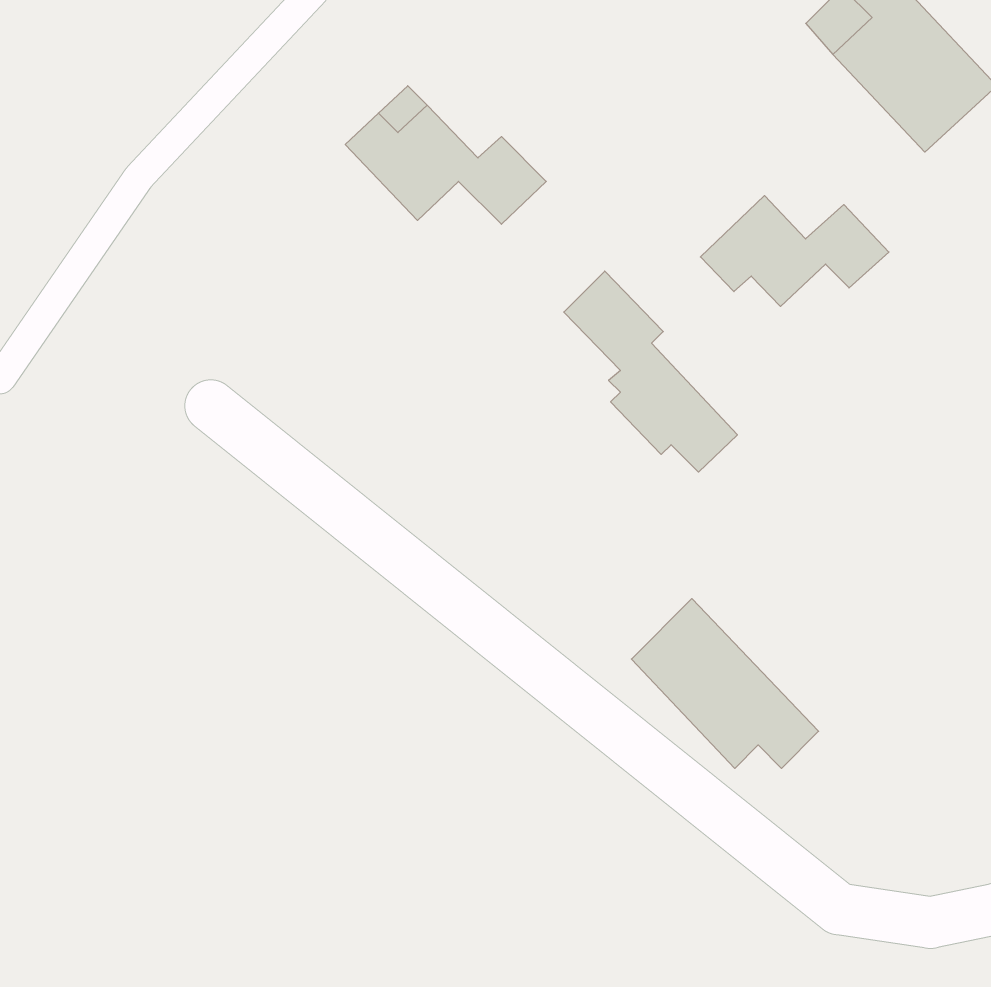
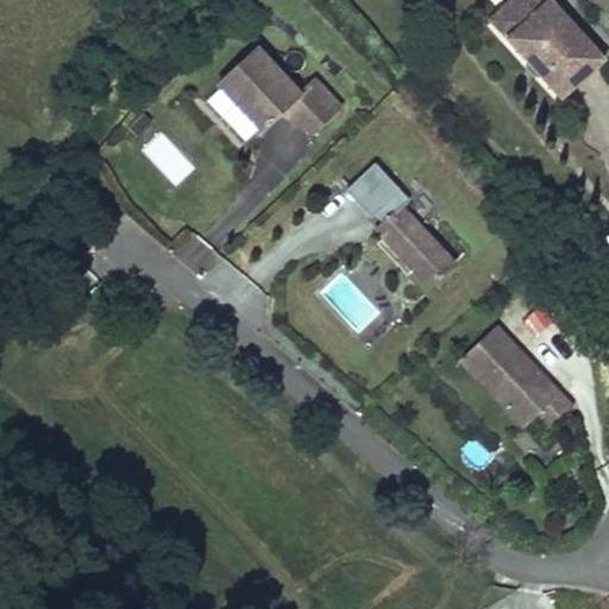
building: [700,196,889,306] -> none
building: [631,599,819,768] -> [459,319,573,422]

